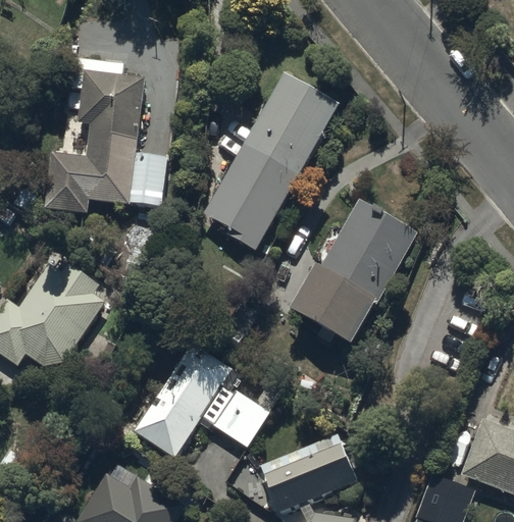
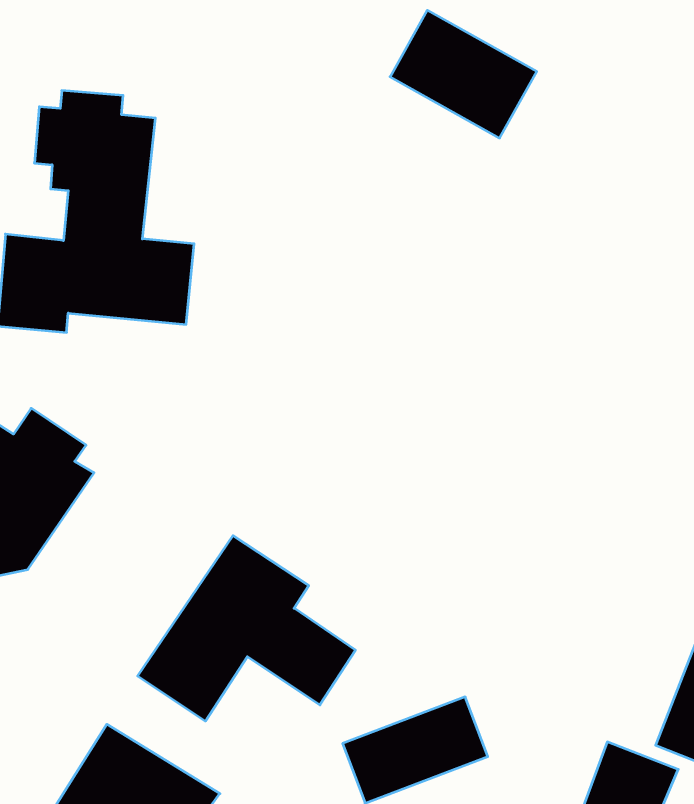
building: none -> [390,10,537,138]
building: [204,74,338,251] -> none
building: [290,200,414,346] -> none

